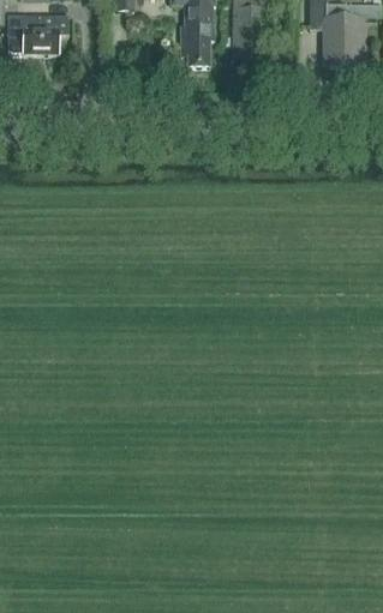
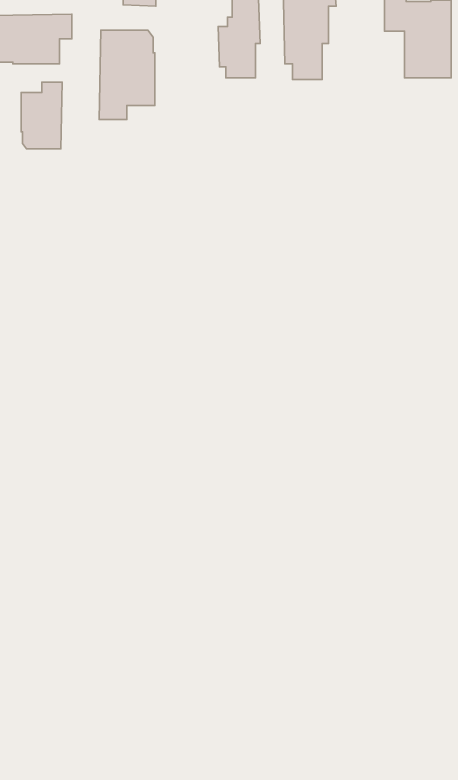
building: none -> [99,30,155,120]
building: none -> [21,82,62,149]

